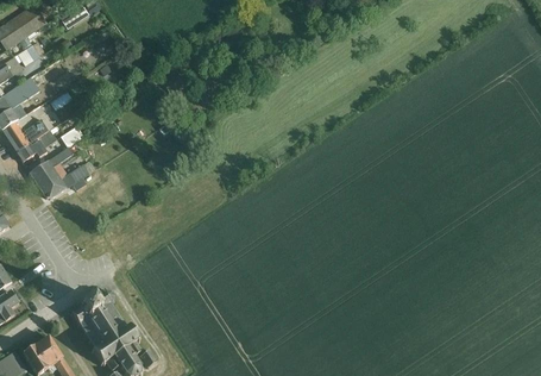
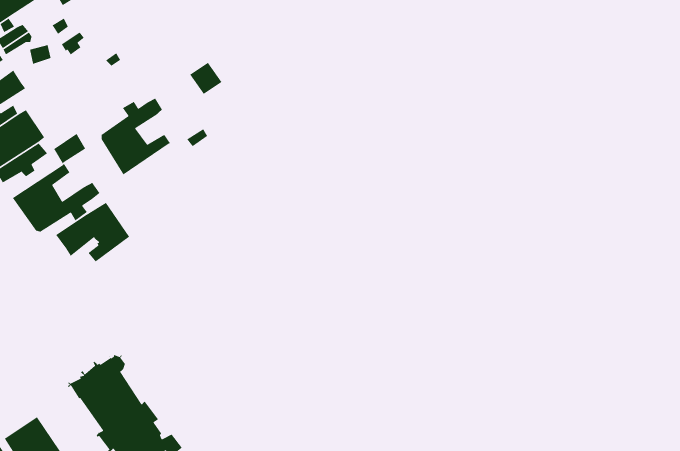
building: none -> [101,98,171,175]
building: none -> [55,202,130,262]

